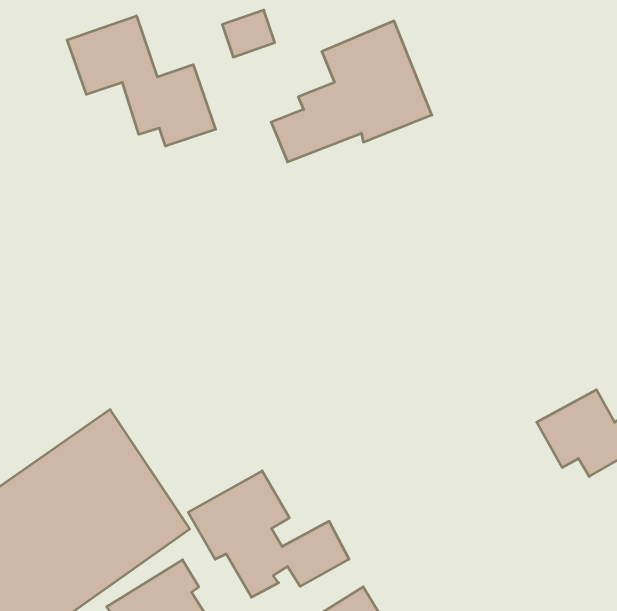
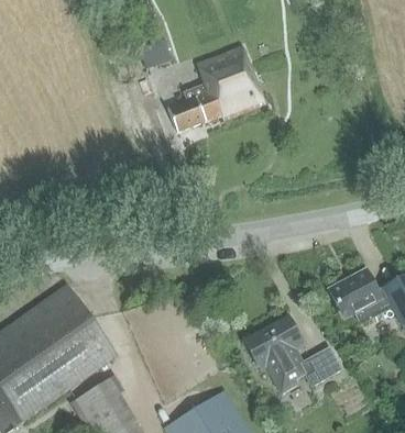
building: [67,16,216,146] -> none
building: [188,471,349,597] -> [243,315,341,392]

